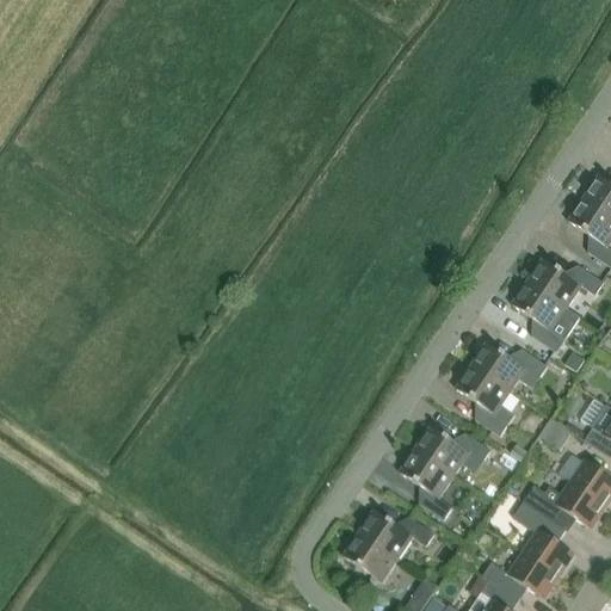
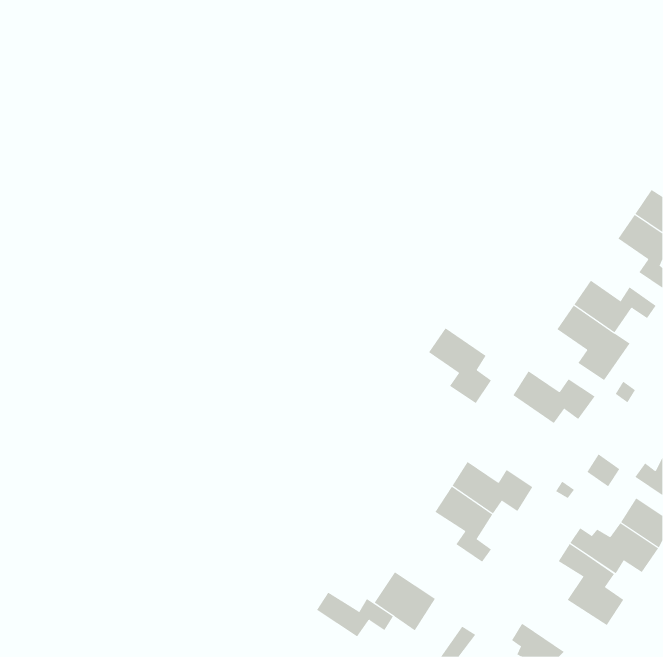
building: [456,364,514,434] -> [428,327,492,404]
building: [363,510,434,551] -> [316,592,394,637]
building: [482,553,558,600] -> none

